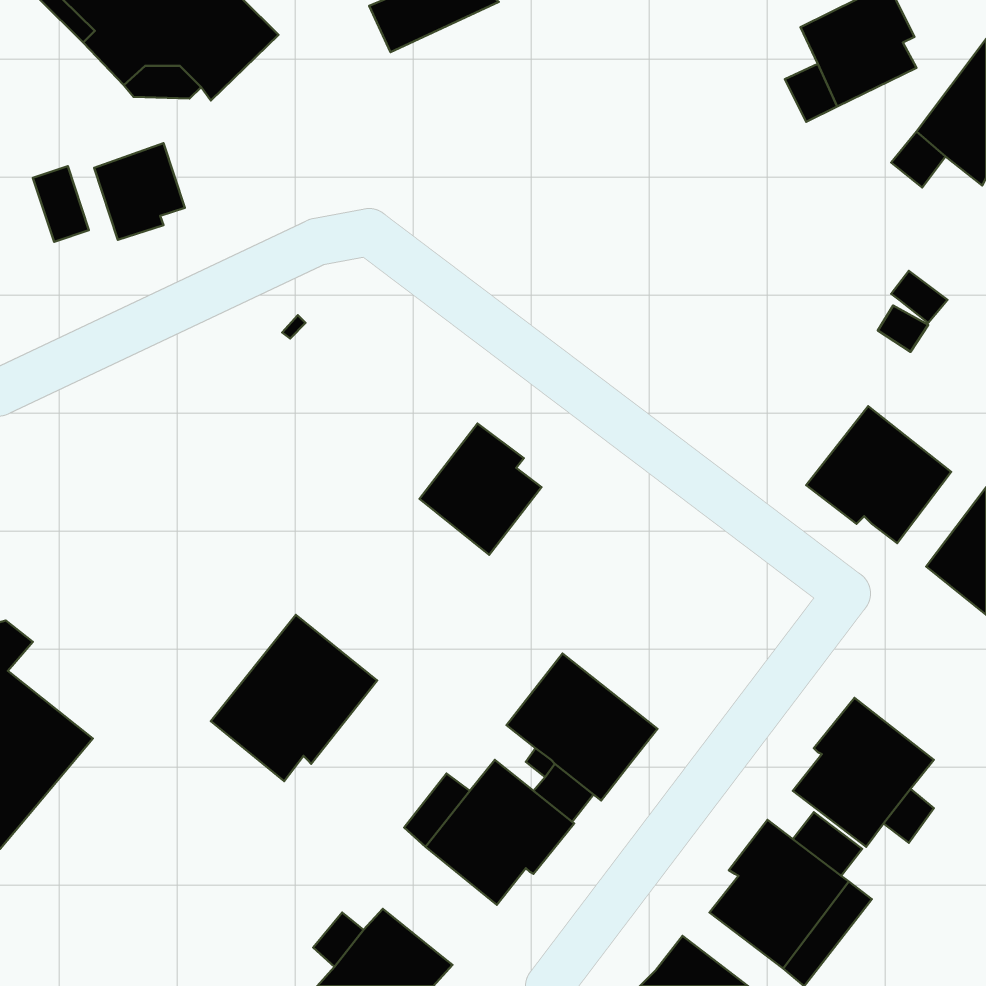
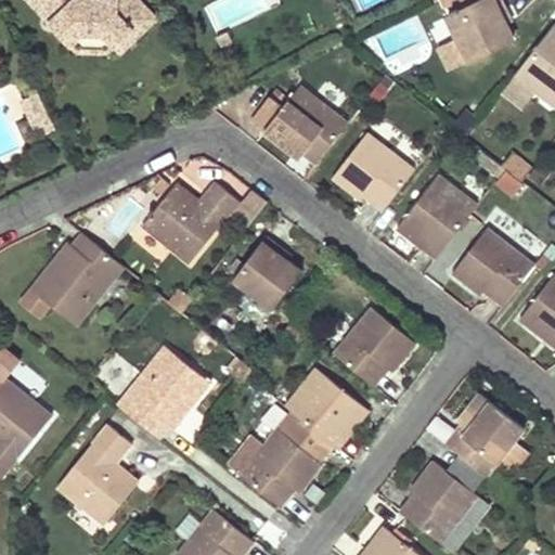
building: [94,143,185,240] -> none
building: none -> [248,83,346,163]
building: none -> [330,130,413,209]
building: none -> [395,173,476,258]
building: none -> [145,184,241,266]
building: none -> [24,235,126,326]
building: none -> [333,306,415,385]
building: none -> [59,425,141,525]

